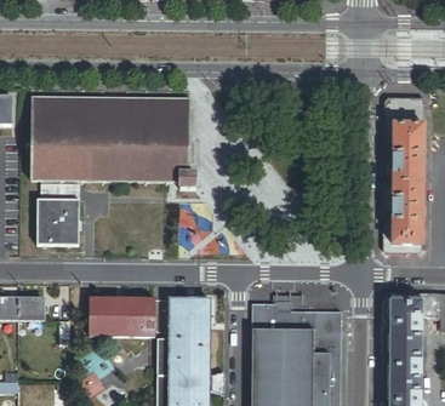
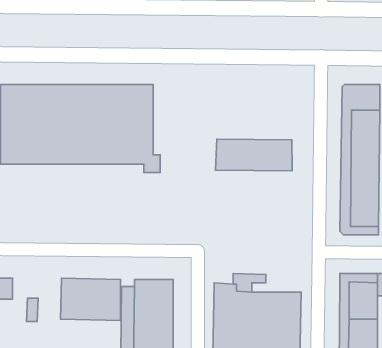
building: none -> [216,139,292,171]
building: [39,179,81,244] -> none

